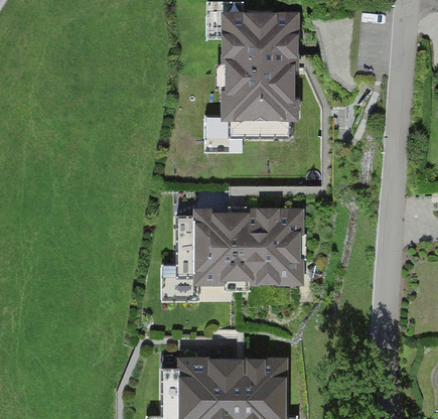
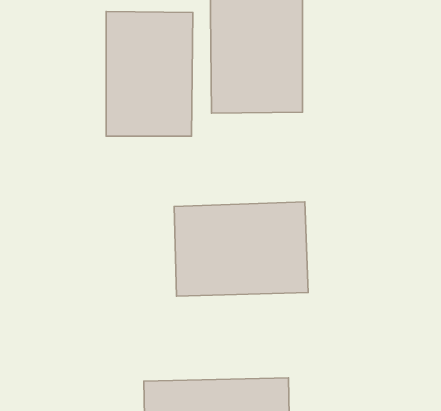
building: none -> [106,12,193,136]

